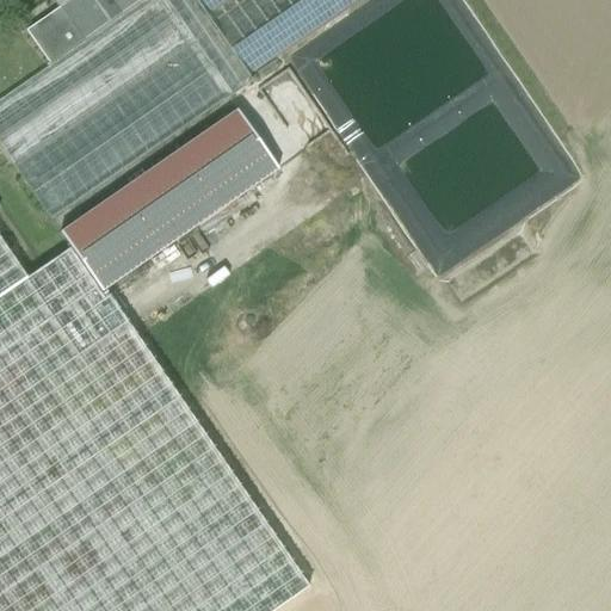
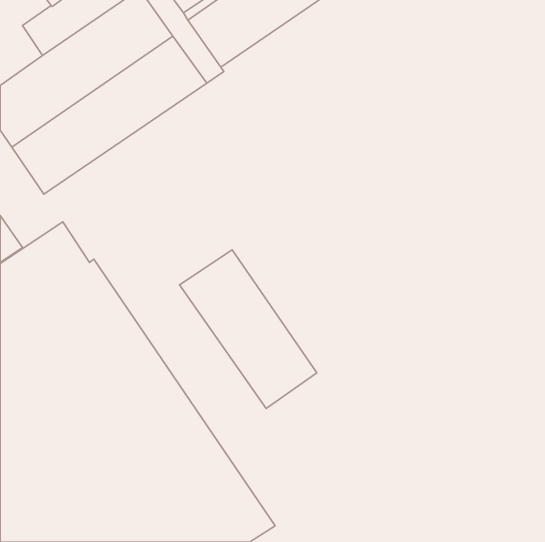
building: [58,110,277,294] -> none
building: none -> [180,250,317,408]

